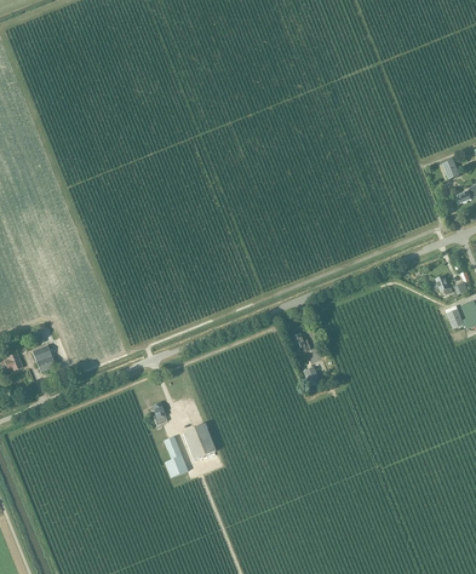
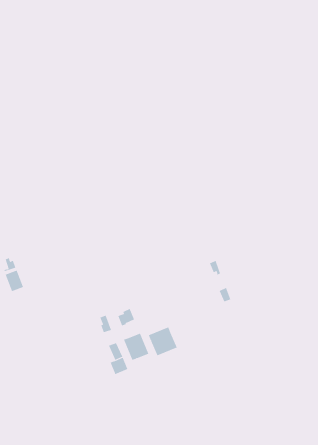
building: none -> [148,326,177,356]

